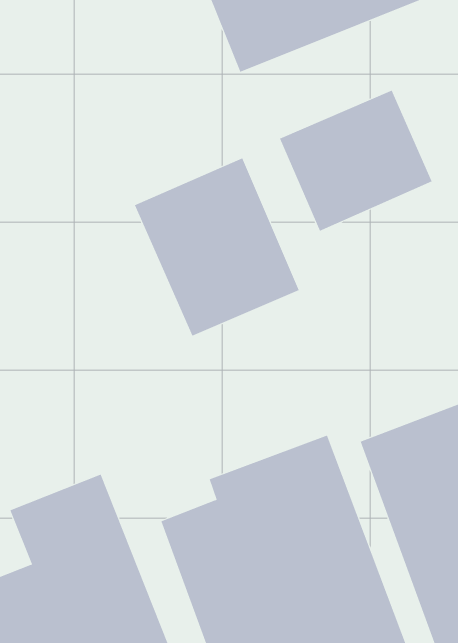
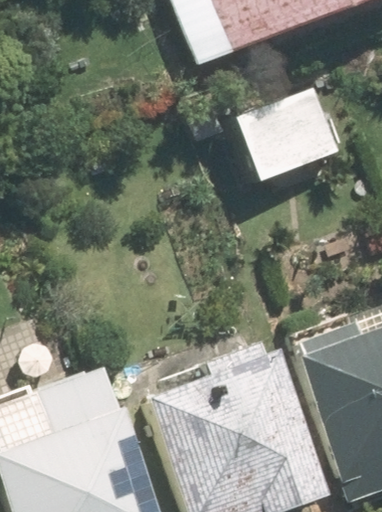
building: [134,158,299,336] -> none

